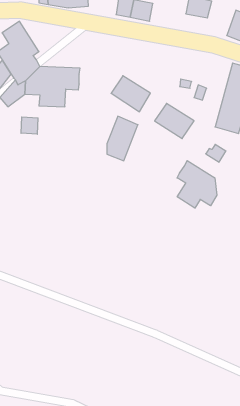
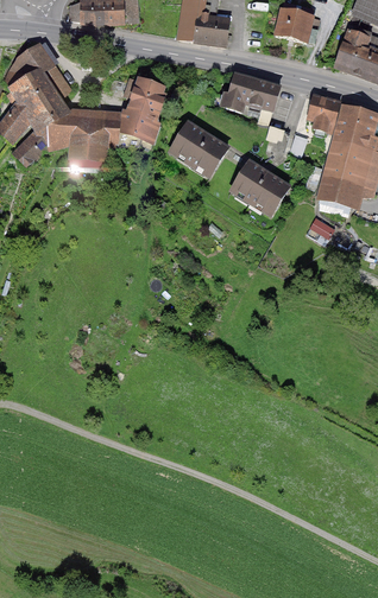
building: none -> [225,74,278,110]
building: none -> [307,94,339,131]
building: [107,116,138,161] -> [125,79,169,142]
building: [21,117,38,134] -> none
building: [177,161,217,208] -> none

